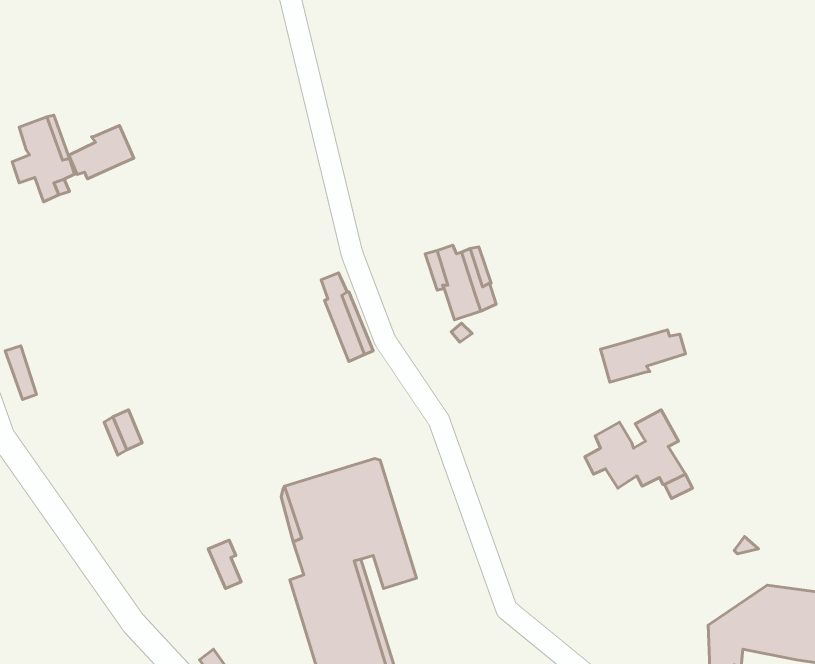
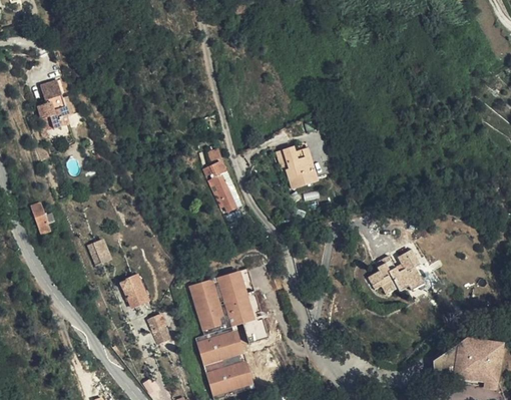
building: [69,126,134,179] -> none
building: [601,330,685,382] -> none
building: none -> [120,275,147,308]

